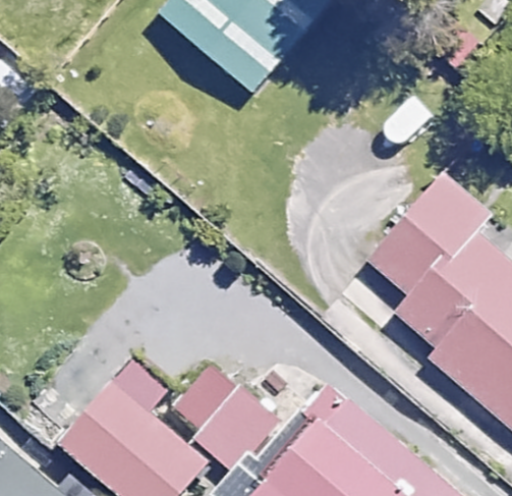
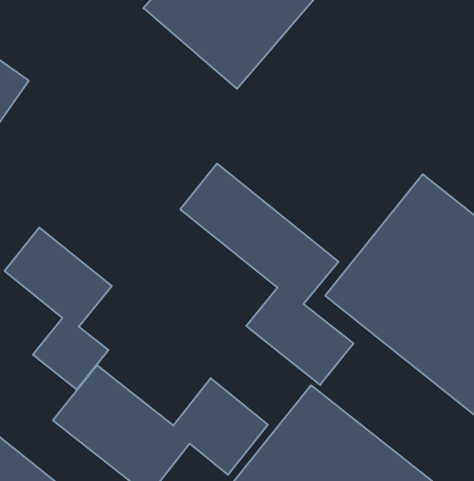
building: none -> [180,164,353,385]
building: none -> [5,228,112,390]

